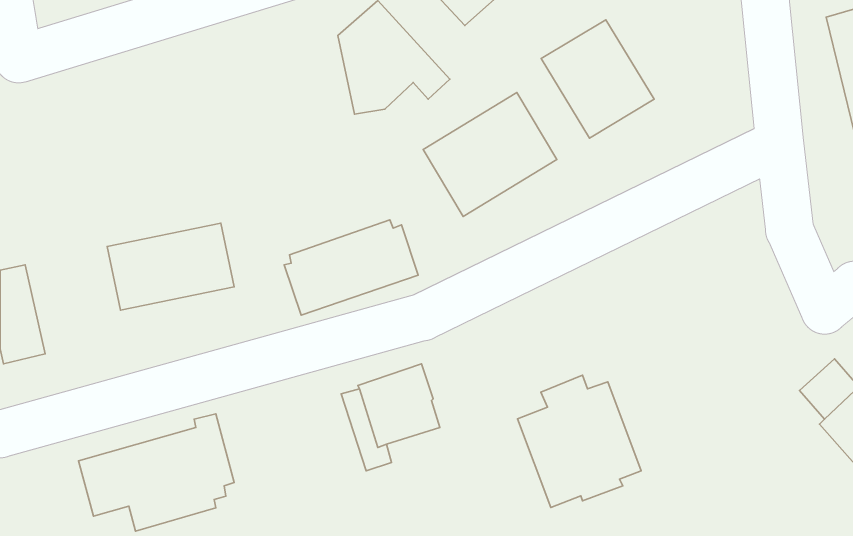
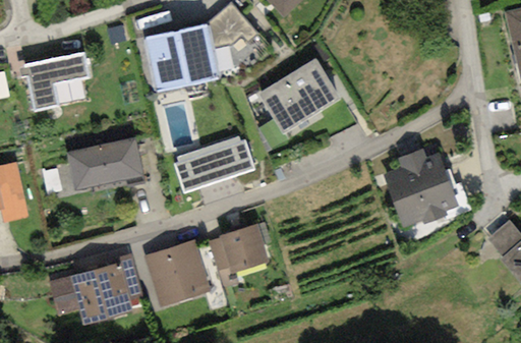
building: [541,20,654,138] -> none
building: none -> [144,23,219,93]
building: none -> [20,53,90,110]
building: [517,375,641,508] -> [384,148,459,228]
building: none -> [143,239,211,307]

